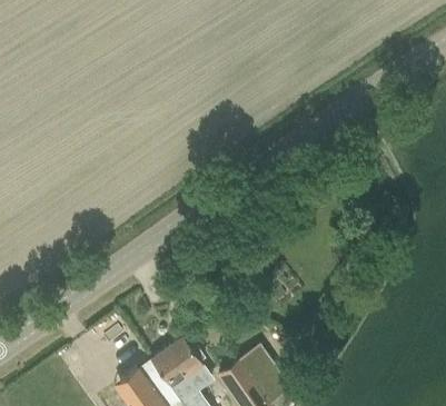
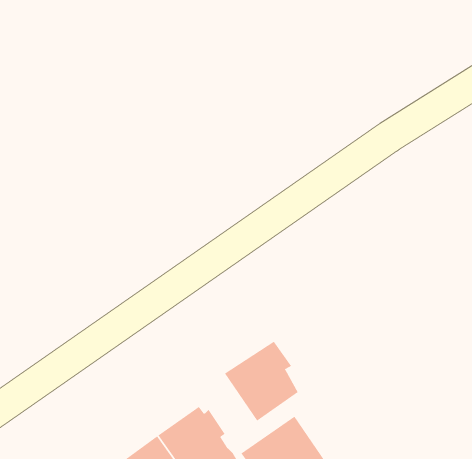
building: none -> [224,341,298,421]

